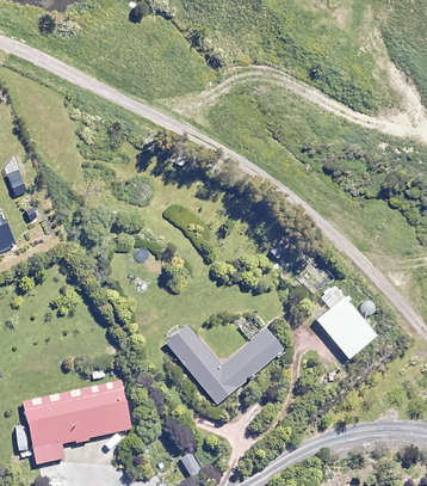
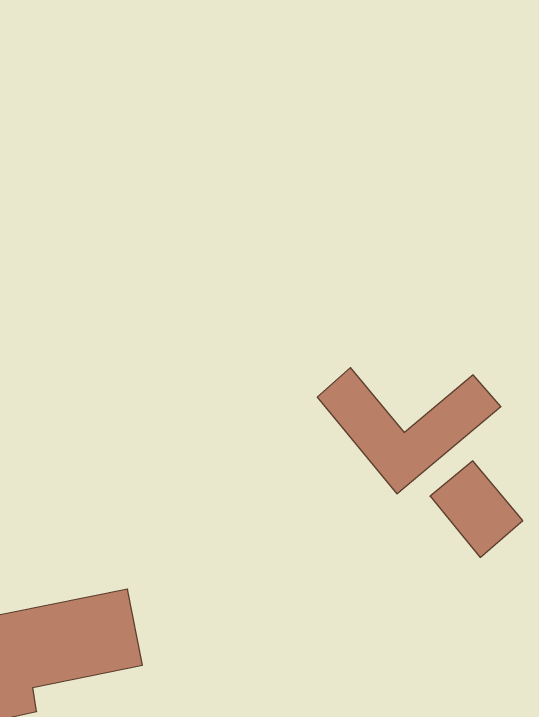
building: [165,324,283,405] -> [317,368,501,494]

